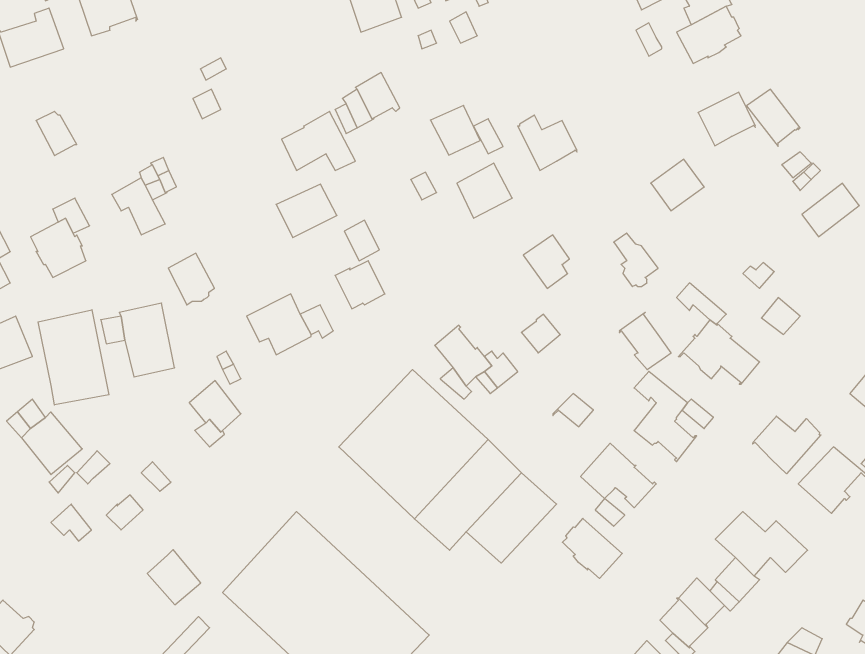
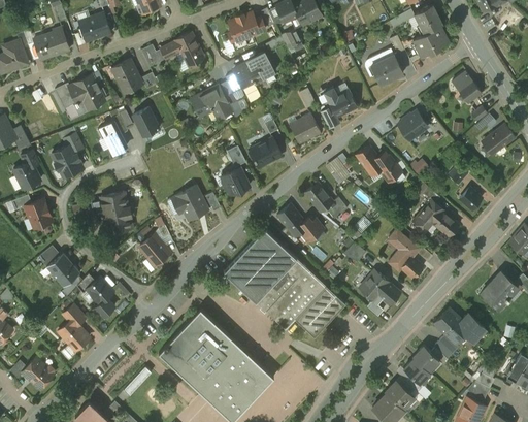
building: none -> [160,33,203,67]
building: none -> [111,60,141,93]
building: [698,92,755,146] -> [370,55,402,85]
building: none -> [67,74,103,107]
building: [430,105,480,155] -> [246,55,274,83]
building: [276,184,337,238] -> [248,138,282,168]
building: [168,253,214,305] -> [132,108,158,137]
building: none -> [303,183,333,214]
building: [38,310,109,405] -> none
building: [619,312,671,370] -> [355,145,384,177]
building: [753,416,821,474] -> none
building: none -> [86,278,113,305]
building: [562,518,622,578] -> none
building: [147,550,201,605] -> [58,319,88,350]

